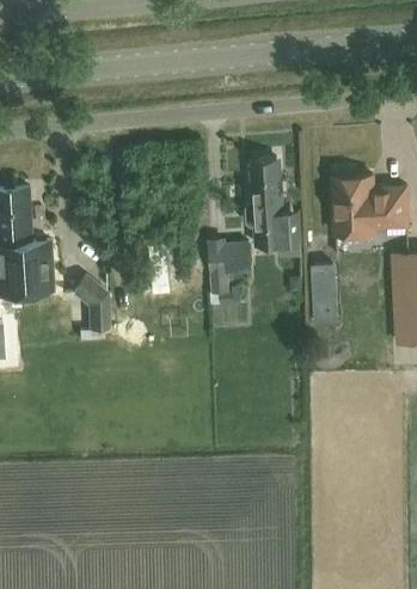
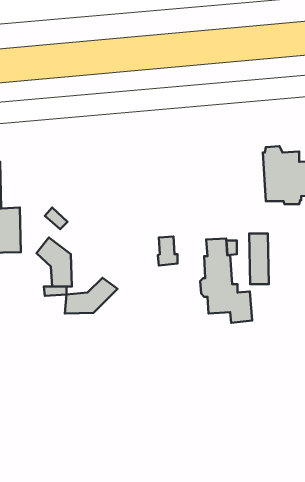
building: [246,159,306,256] -> [200,239,252,323]
building: [209,243,250,275] -> none
building: none -> [65,278,117,313]

